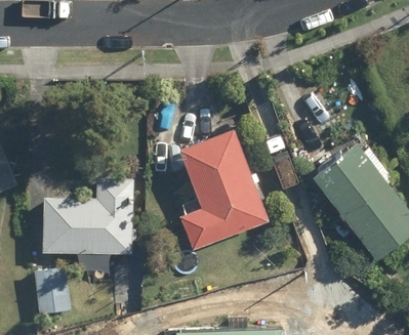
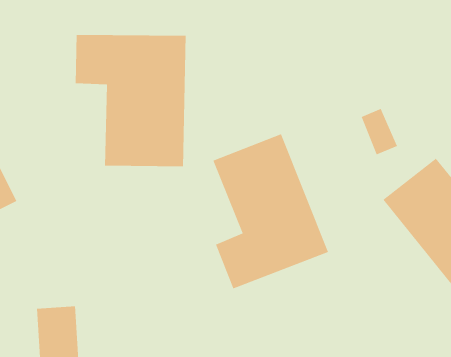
building: none -> [75,34,186,167]
building: [42,178,134,256] -> none

